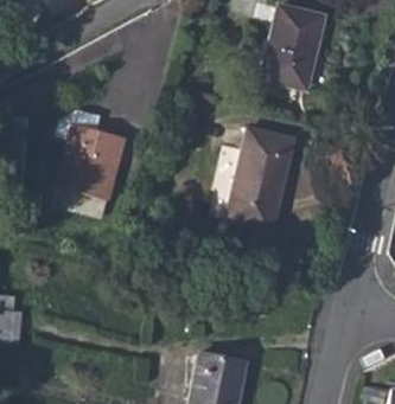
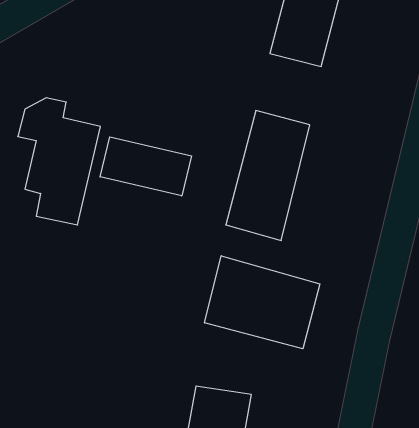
building: none -> [100,137,191,196]
building: none -> [205,256,320,349]

